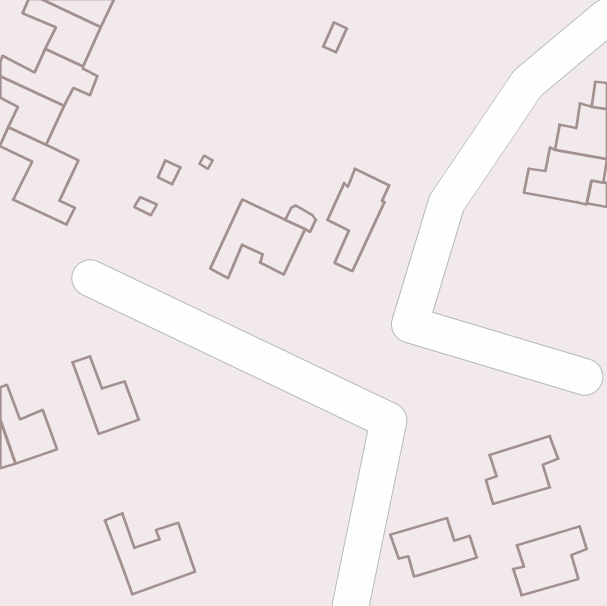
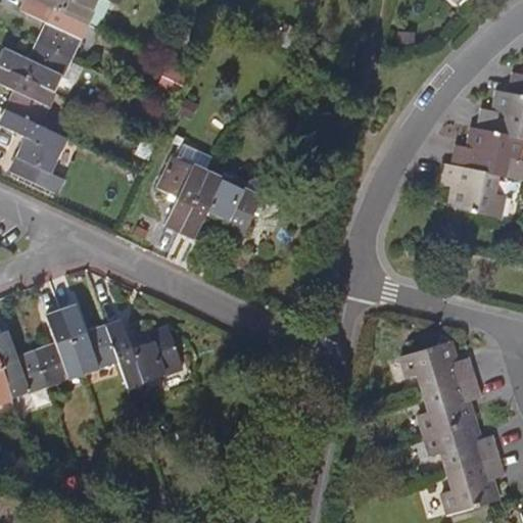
building: [327,169,389,271] -> [159,143,212,231]
building: none -> [438,162,503,215]
building: none -> [37,312,85,386]
building: none -> [399,339,473,391]
building: [105,513,195,594] -> [107,322,185,391]
building: [390,518,477,576] -> [424,419,498,469]

